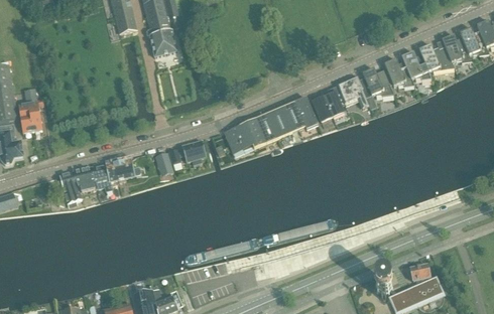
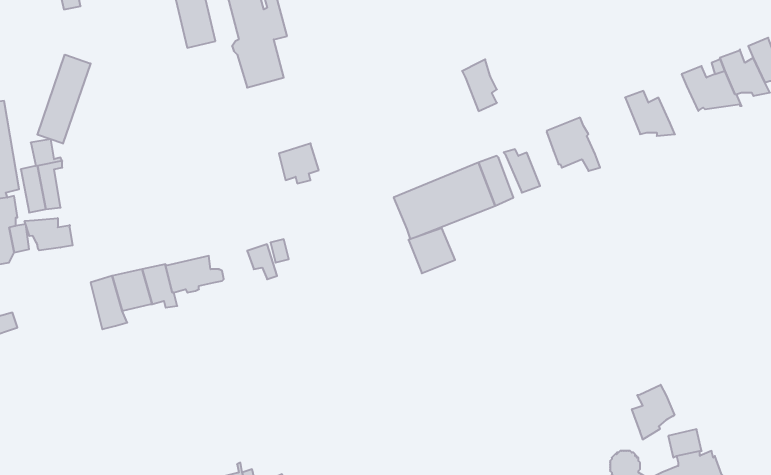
building: none -> [37,55,91,144]
building: [401,50,431,78] -> none
building: [359,67,393,97] -> none
building: [323,85,344,116] -> [462,59,497,111]
building: [224,123,252,150] -> [408,228,455,273]
building: none -> [25,218,73,250]
building: [182,139,207,163] -> [279,143,319,183]
building: none -> [632,385,674,440]

